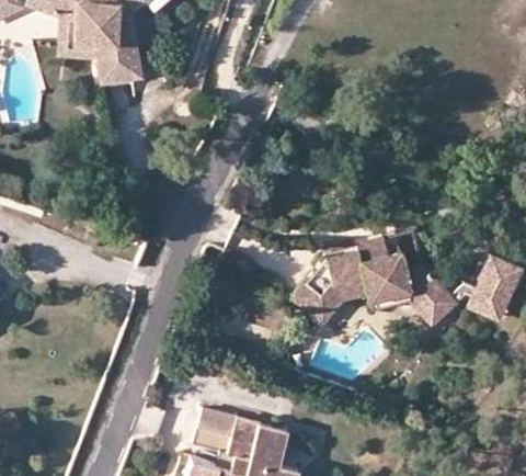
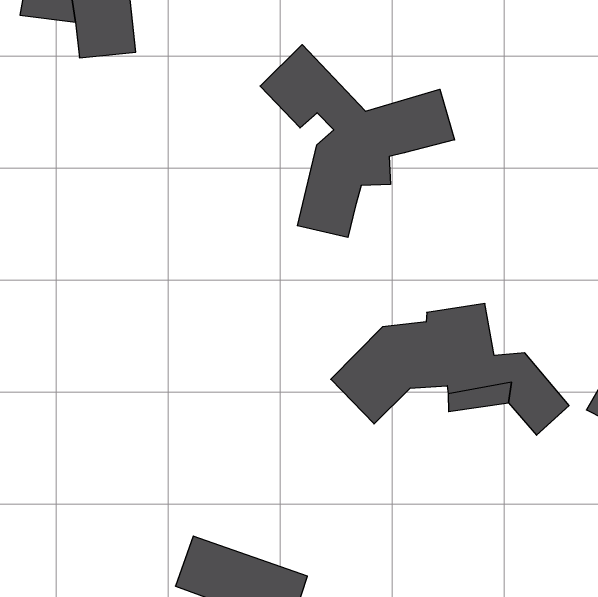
building: none -> [260,45,455,237]

